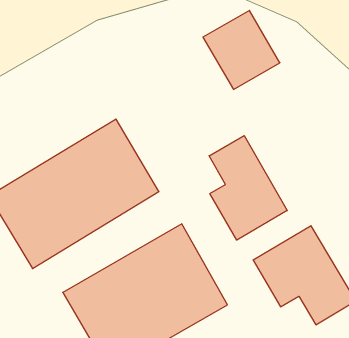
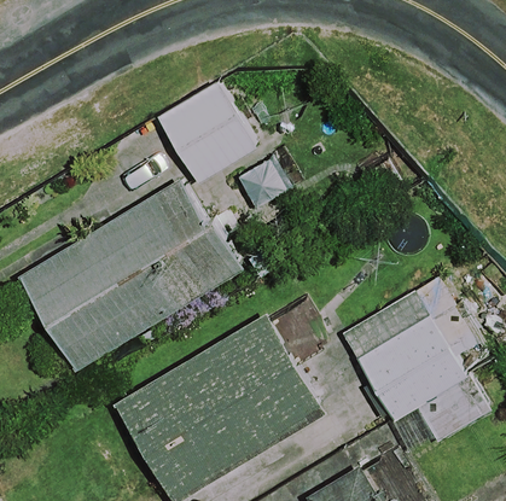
building: [203,10,280,89] -> [158,82,256,182]
building: [209,136,287,240] -> none

